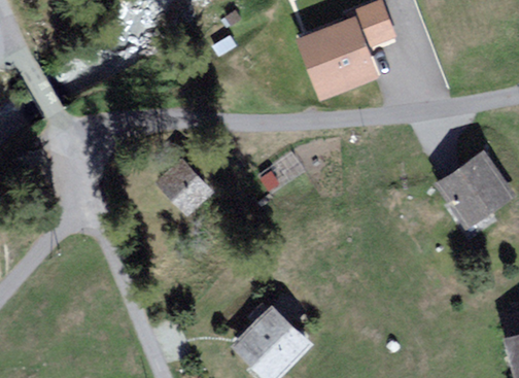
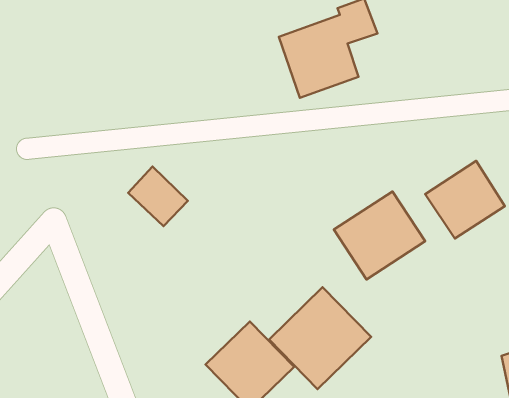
building: none -> [334,191,425,279]
building: none -> [269,287,371,389]

